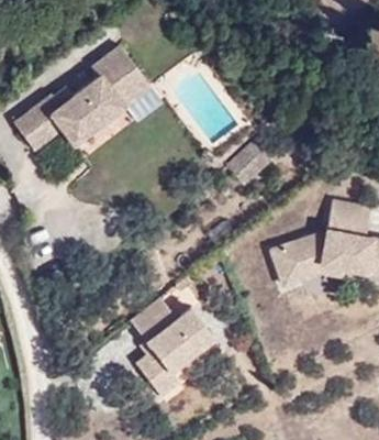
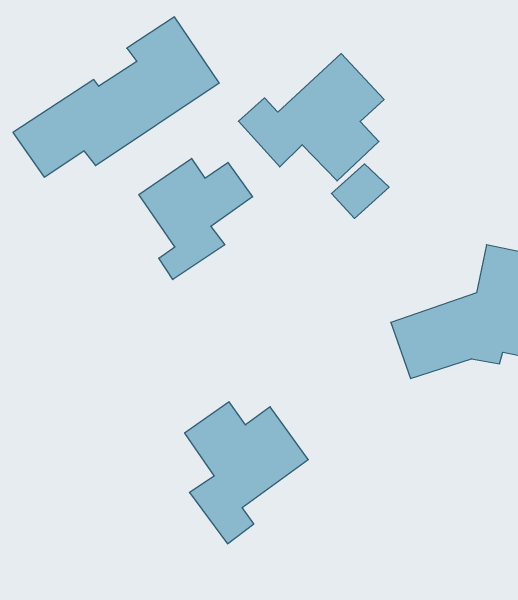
building: none -> [238,54,384,181]
building: none -> [139,158,253,280]

